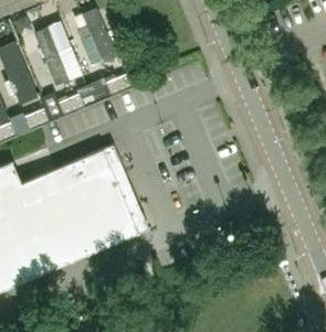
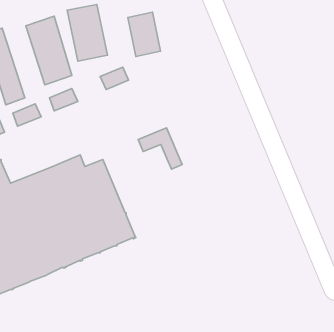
building: none -> [128,12,161,56]
building: [87,146,128,184] -> [138,128,182,169]

